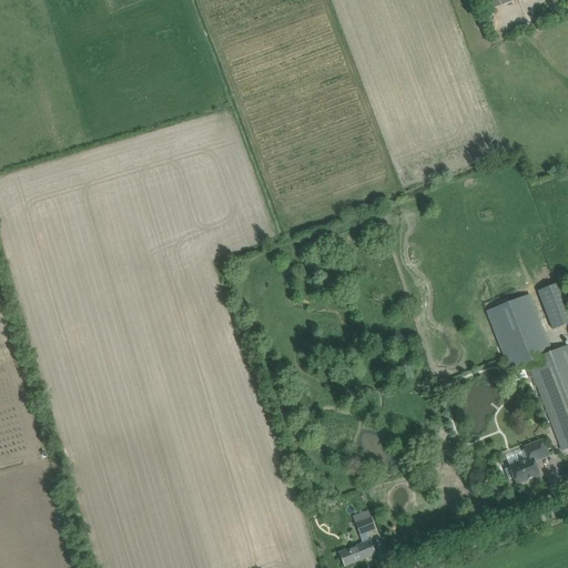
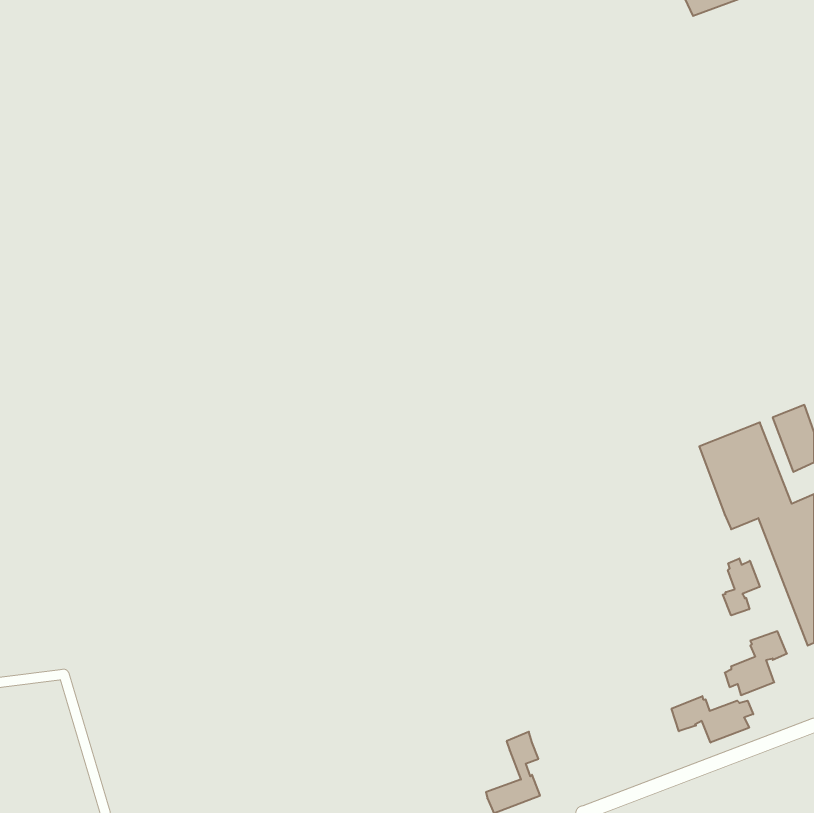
building: none -> [723,558,760,615]
building: none -> [672,696,753,743]

